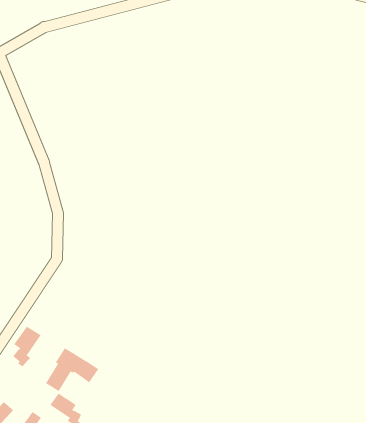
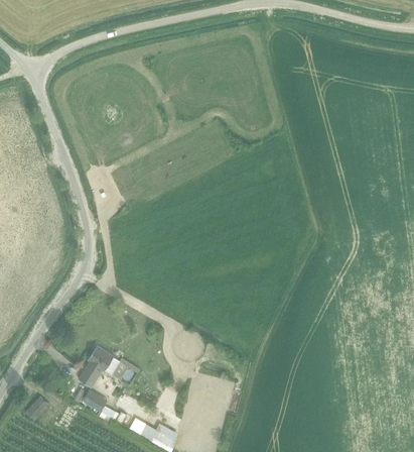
building: [12,326,41,367] -> none

